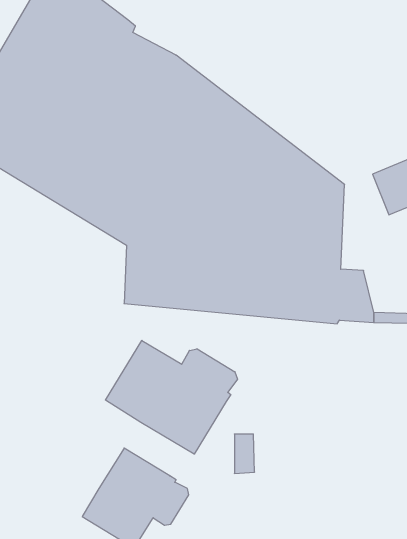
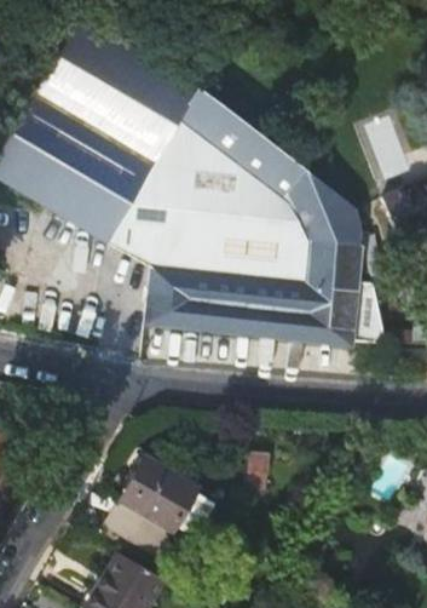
building: [105,340,237,454] -> none

